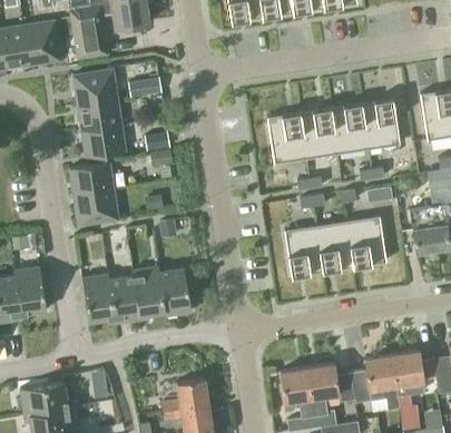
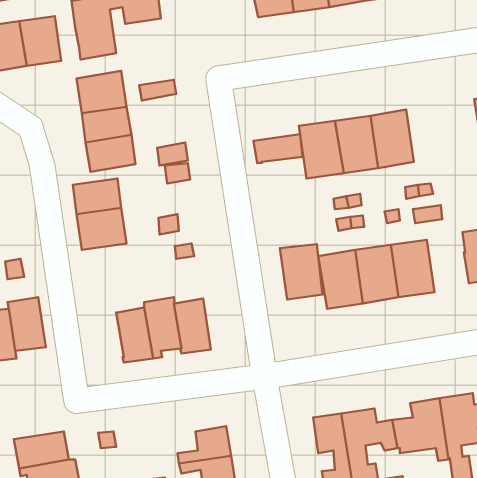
building: [361,98,400,148] -> none
building: none -> [253,134,303,163]
building: none -> [280,244,322,299]
building: [81,274,115,322] -> none

